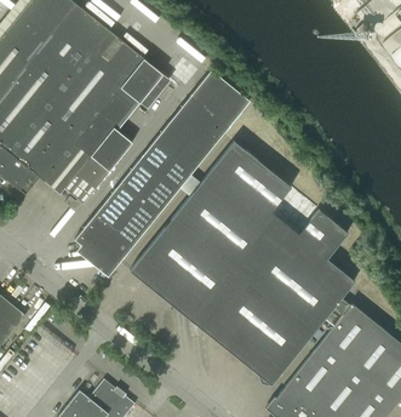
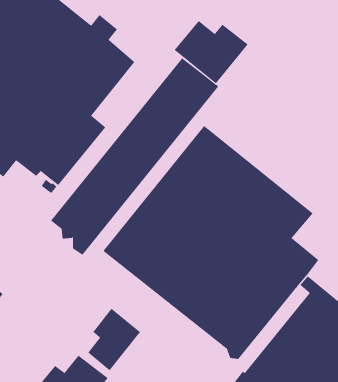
building: none -> [174,20,249,84]
building: none -> [87,308,141,371]

